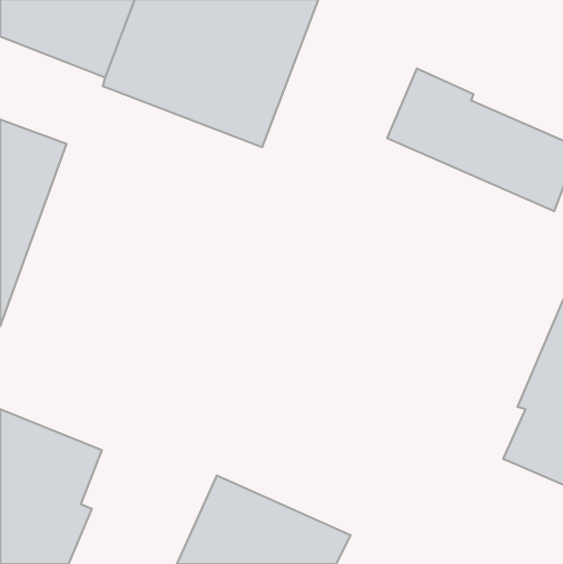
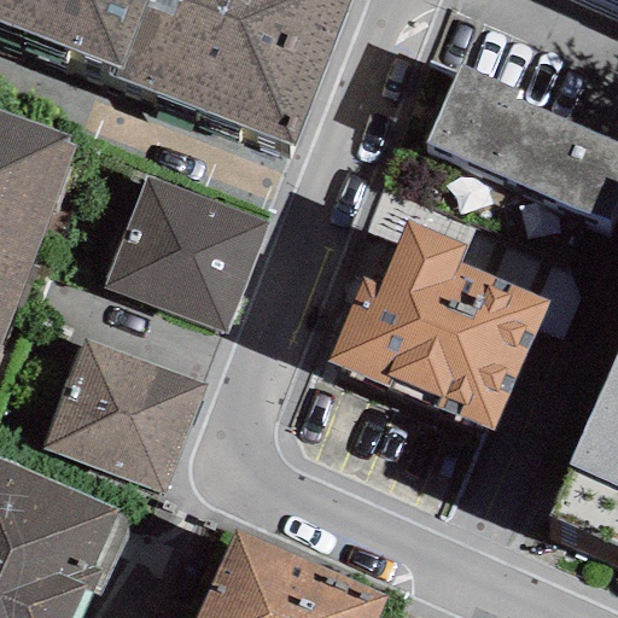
building: none -> [103,175,266,332]
building: none -> [331,220,547,426]
building: none -> [43,338,205,494]

